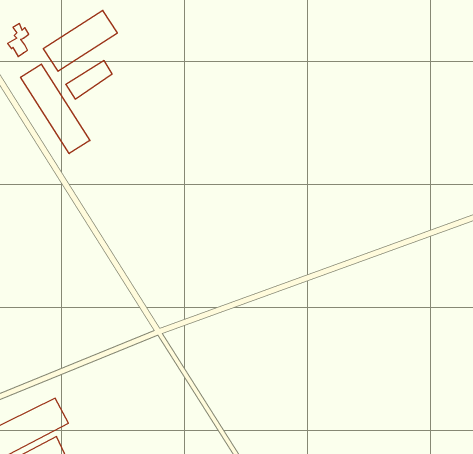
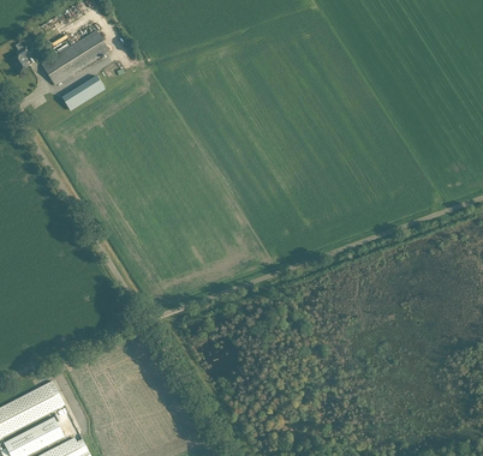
building: [21,64,90,154] -> none

